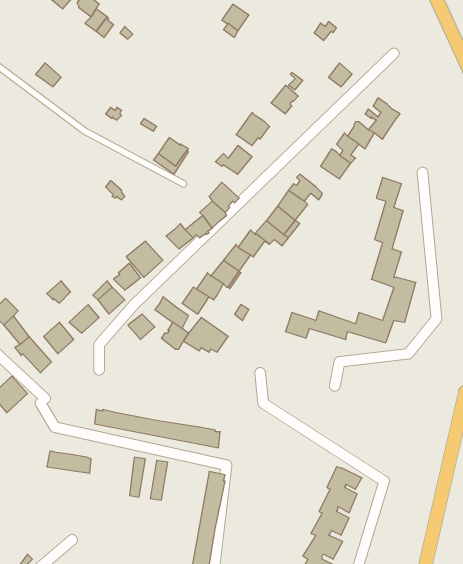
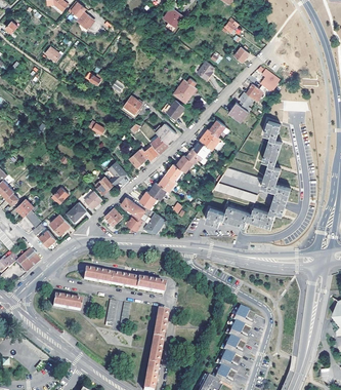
building: none -> [214,167,262,201]

